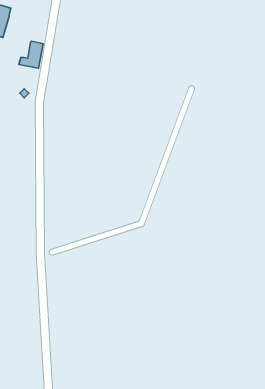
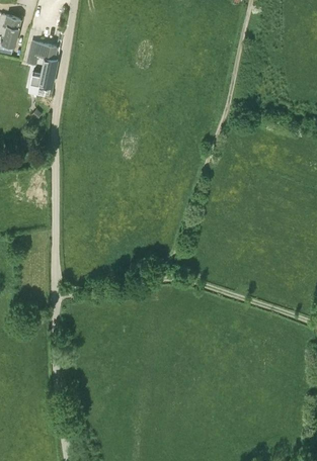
building: none -> [27,41,58,66]

